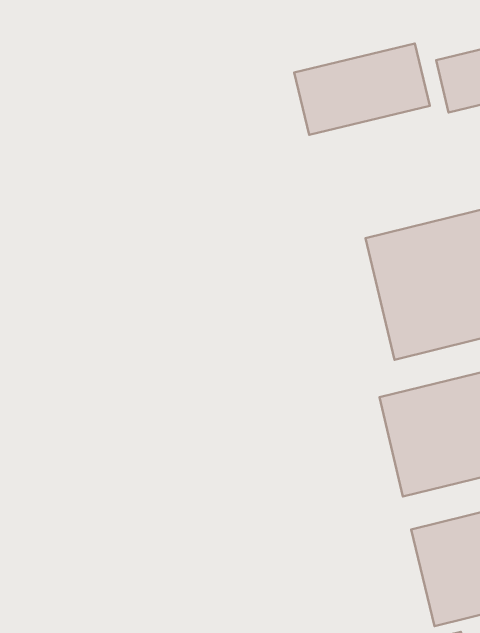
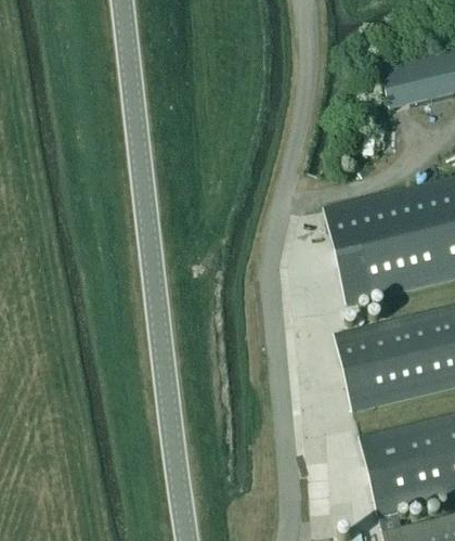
building: [294,44,430,135] -> none

